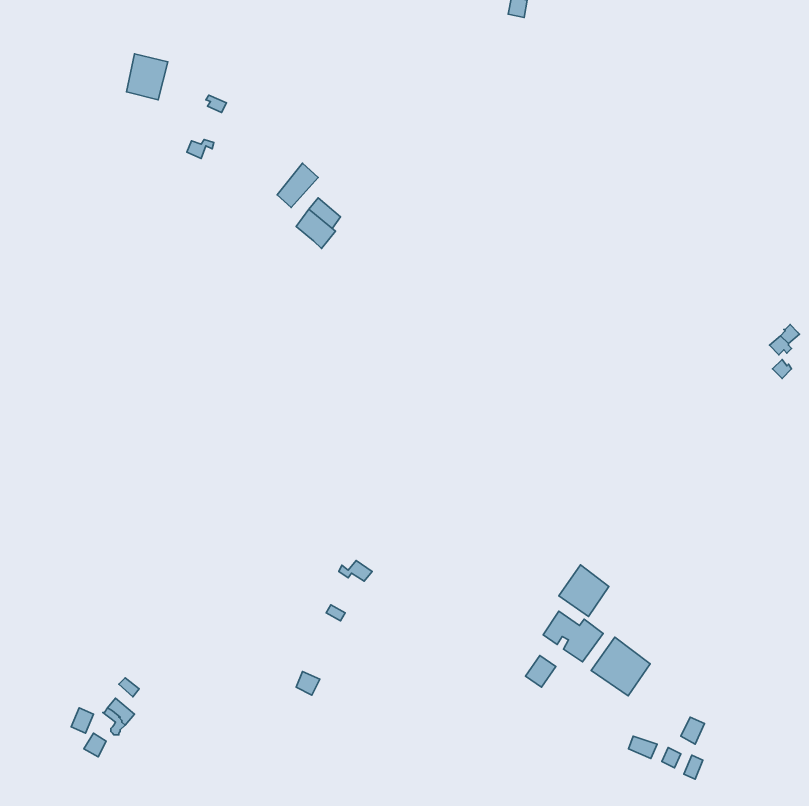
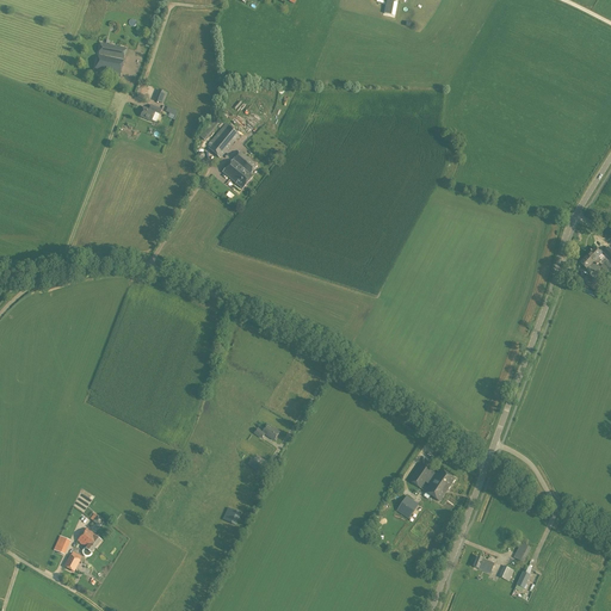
building: [559,565,609,616] -> none
building: [591,637,650,696] -> none

